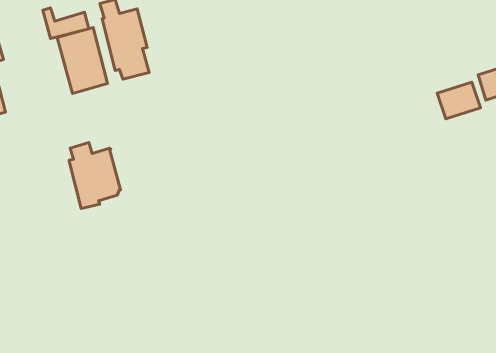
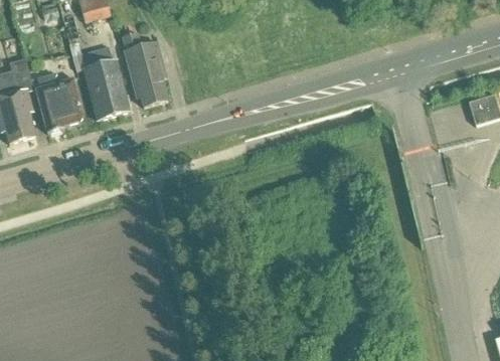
building: [437,82,480,119] -> none
building: [69,143,121,208] -> [35,71,82,132]

